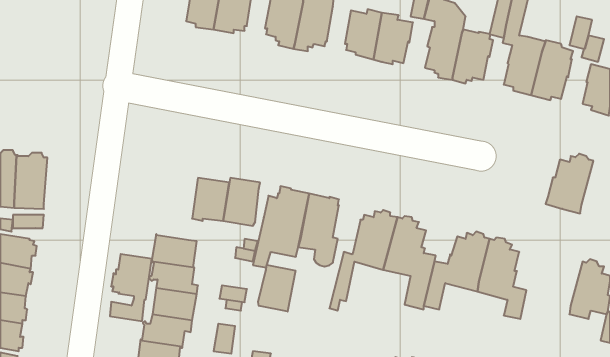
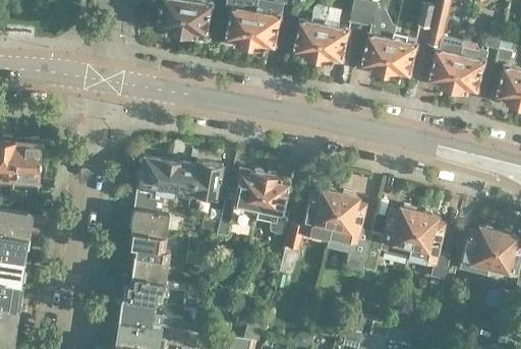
building: [546,154,593,213] -> [456,226,497,277]
building: [110,254,152,321] -> [133,157,169,214]
building: [258,265,295,312] -> none

